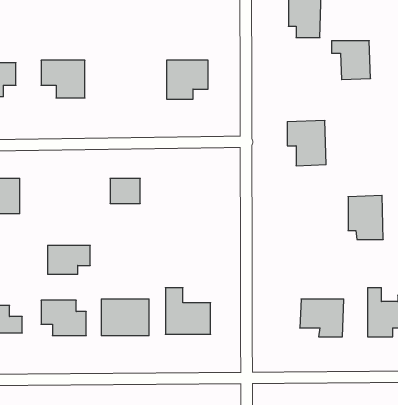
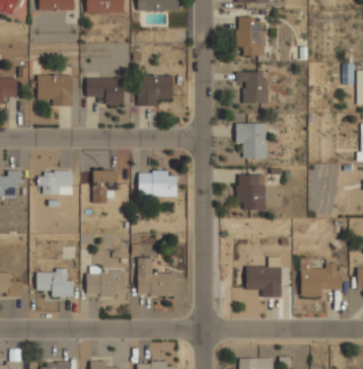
building: [332,41,371,80] -> [236,72,268,103]
building: none -> [86,77,124,103]
building: none -> [139,169,177,196]
building: [348,195,383,239] -> [237,174,266,210]
building: [48,245,90,274] -> [38,169,72,193]

